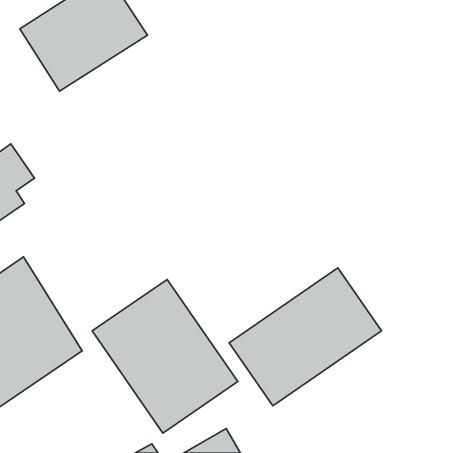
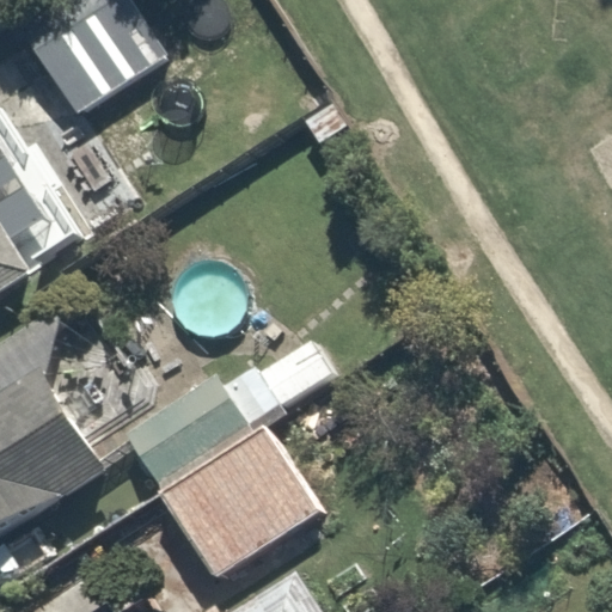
building: [229,268,382,406] -> none

